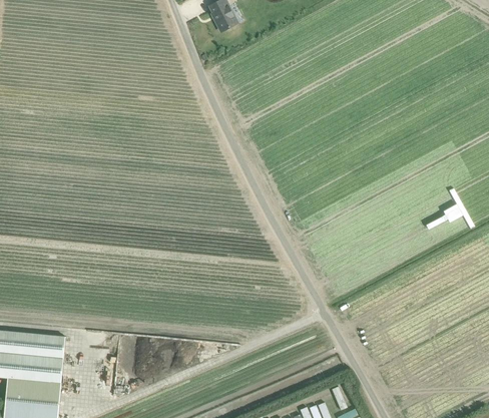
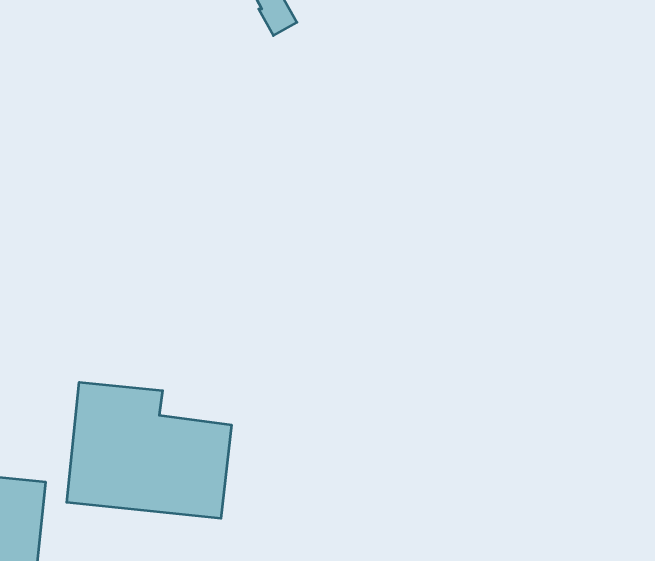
building: none -> [67,382,231,518]

